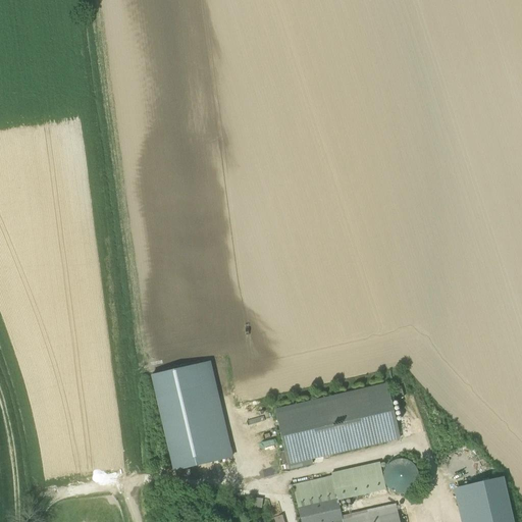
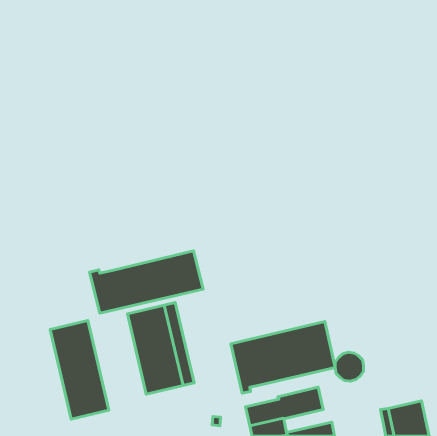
building: none -> [90,251,203,313]
building: none -> [50,320,109,419]
building: [384,459,418,493] -> [335,352,363,381]

